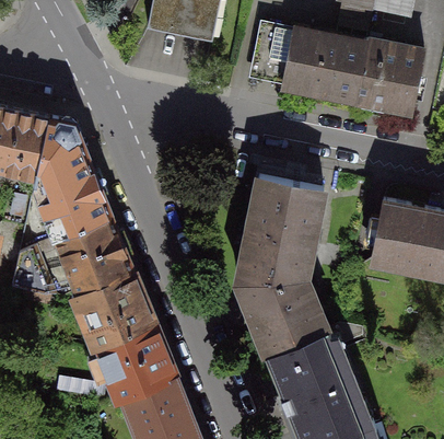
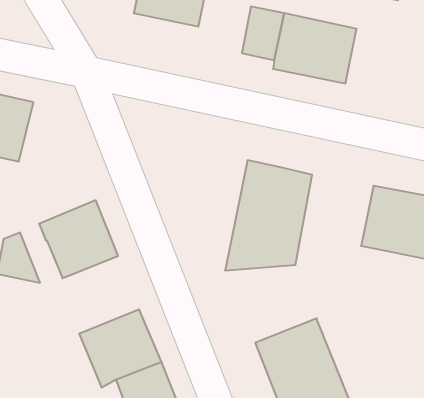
building: [355,42,423,113] -> none
building: [33,119,110,239] -> none
building: [71,270,153,347] -> none
building: [237,279,327,356] -> none

